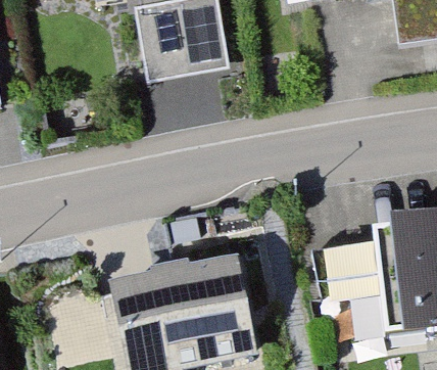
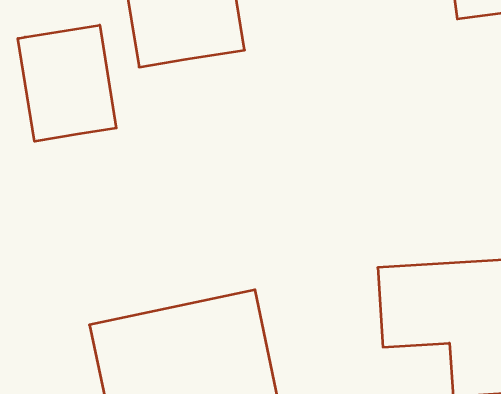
building: none -> [18,25,116,141]

